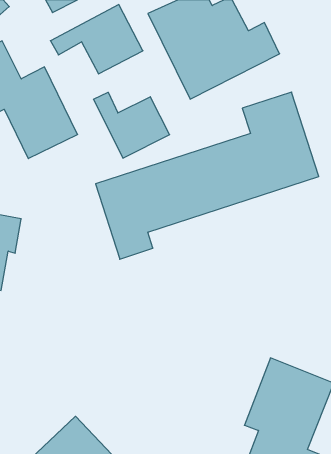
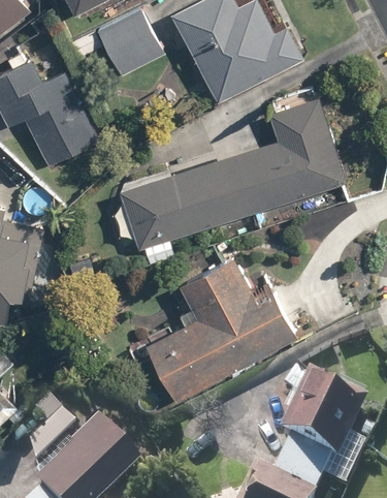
building: [94,92,170,158] -> none
building: none -> [139,254,298,406]

